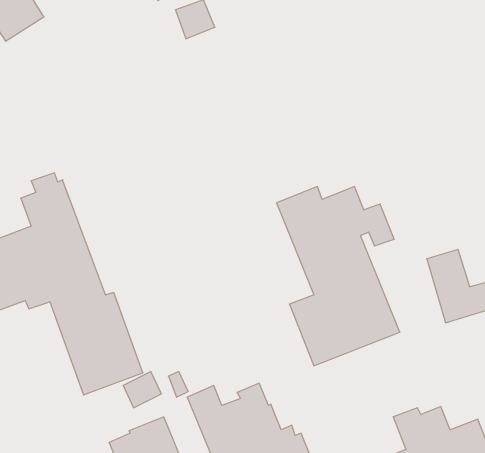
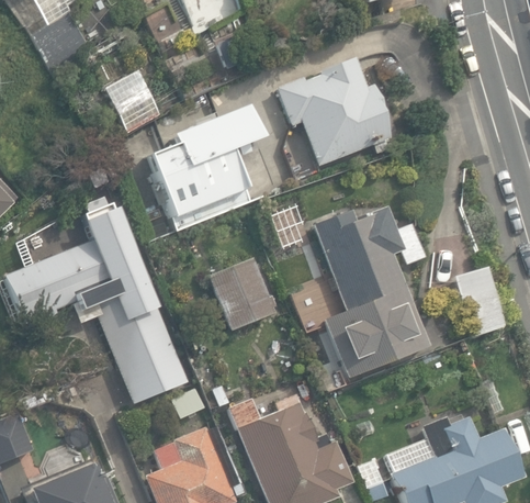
building: none -> [278,56,391,165]
building: none -> [106,69,162,133]
building: none -> [146,103,260,233]
building: none -> [210,257,277,329]

